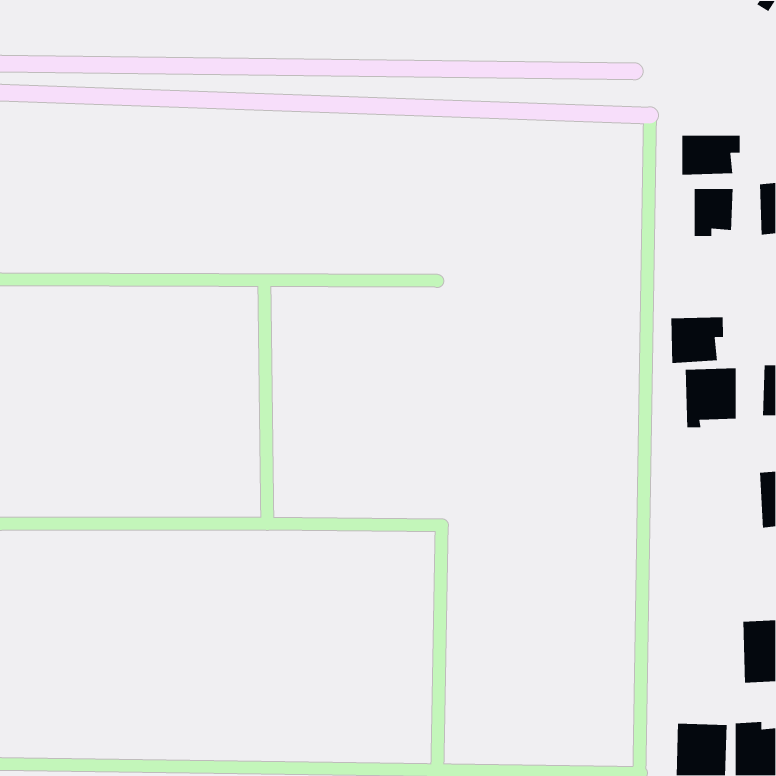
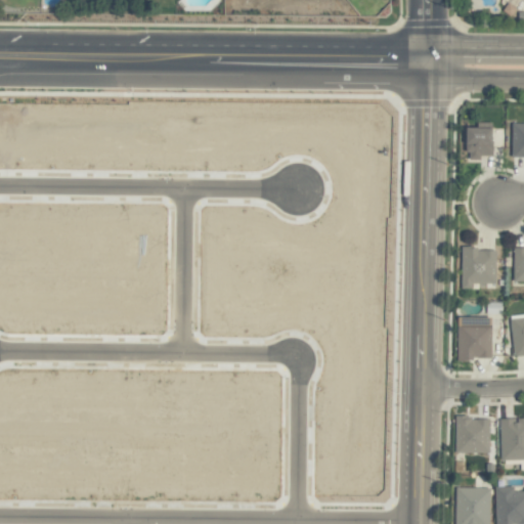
building: [682,135,740,175] -> none
building: [670,317,724,364] -> none
building: none -> [457,316,492,360]
building: none -> [455,418,490,453]

